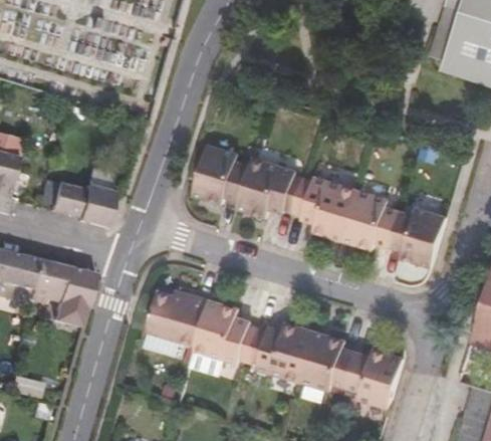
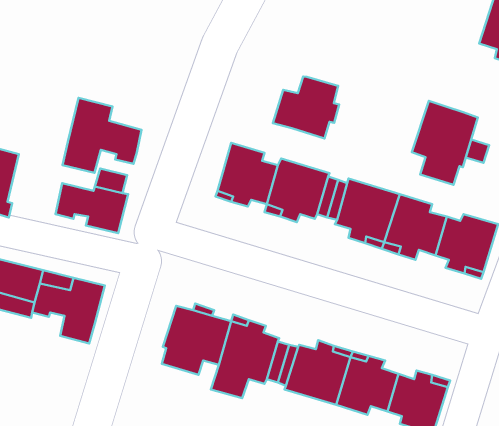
building: none -> [273,77,339,139]
building: none -> [63,98,142,173]
building: none -> [412,101,478,185]

